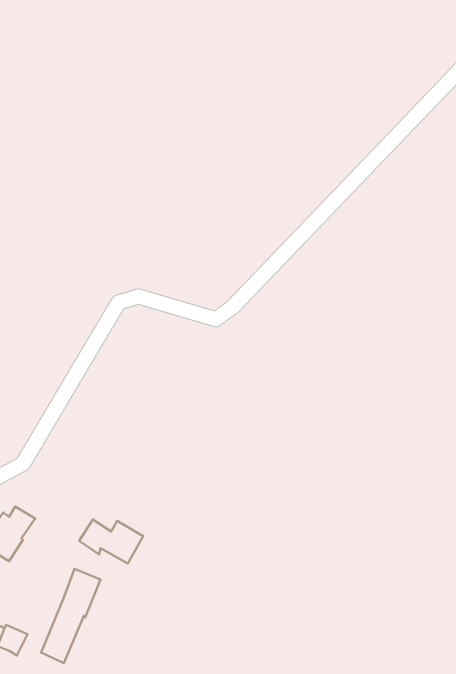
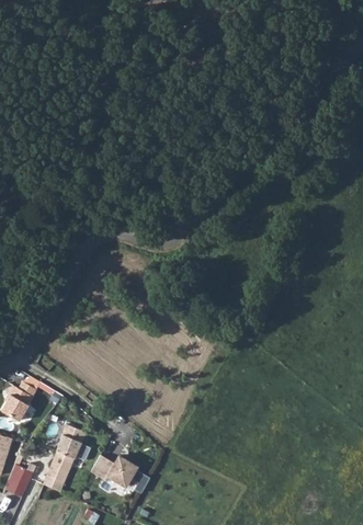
building: [79,519,143,564] -> [91,457,137,489]

